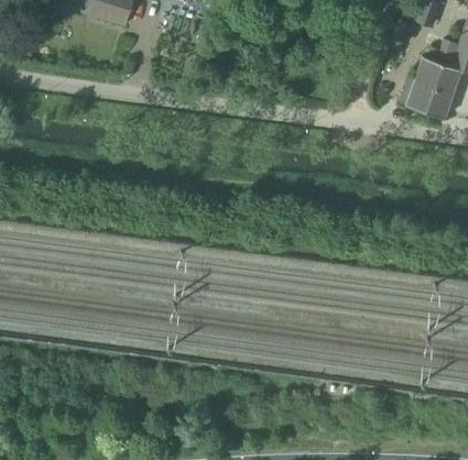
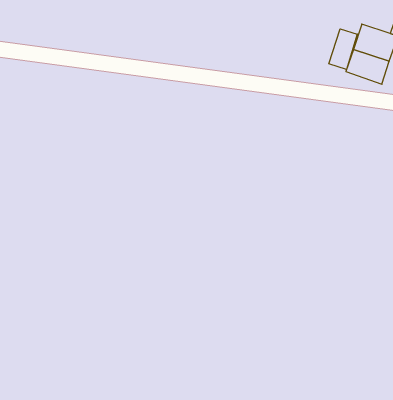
building: none -> [329,29,357,70]

